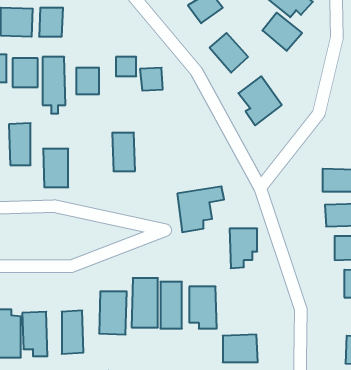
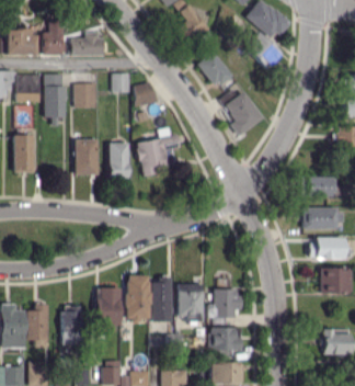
building: none -> [71,32,103,56]
building: [43,149,68,187] -> [75,139,98,174]
building: [177,186,224,232] -> [137,135,180,177]
building: [230,229,257,268] -> [215,288,240,325]

